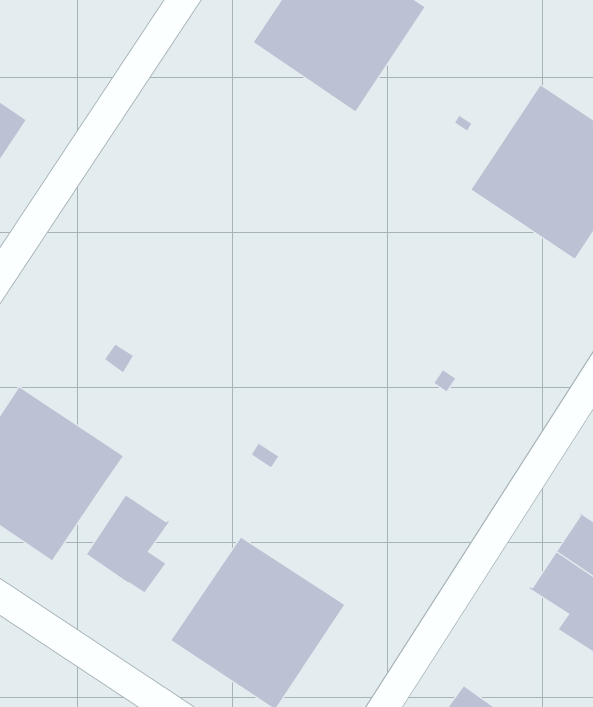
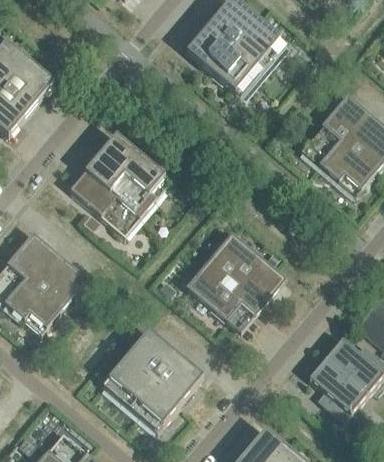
building: none -> [69,136,170,237]
building: none -> [185,233,286,334]
building: [86,494,170,593] -> none

